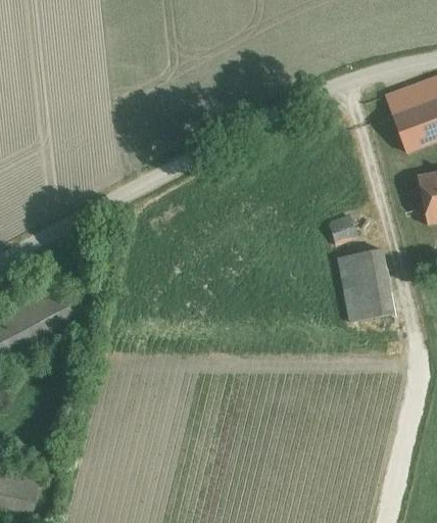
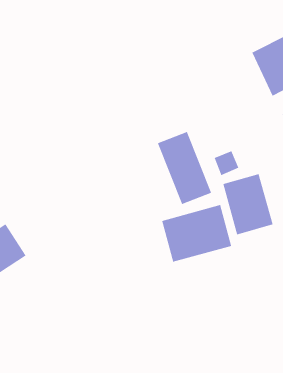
building: none -> [157,131,212,205]
building: none -> [162,204,232,263]

